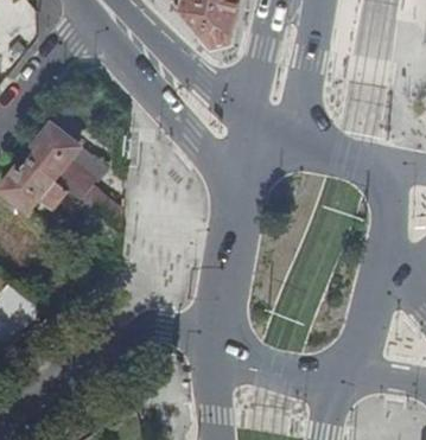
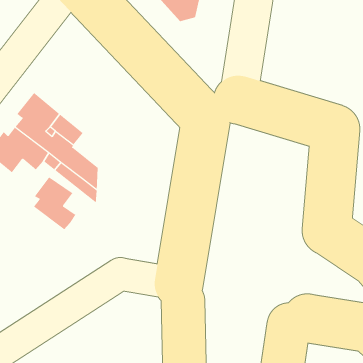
building: none -> [33,177,76,230]

